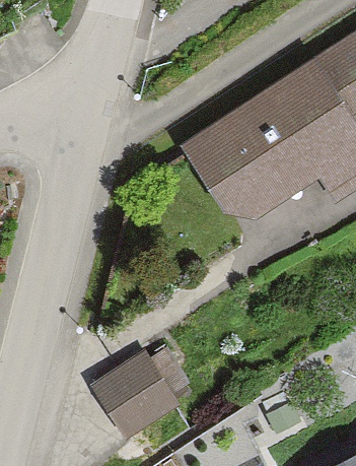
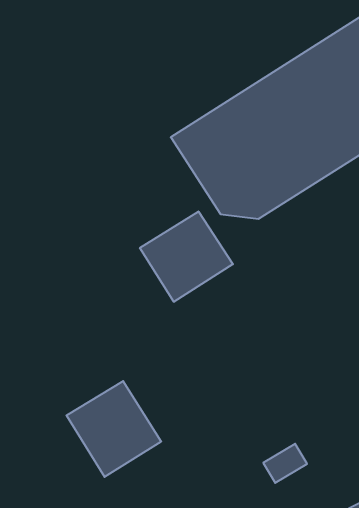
building: none -> [140,211,233,302]

